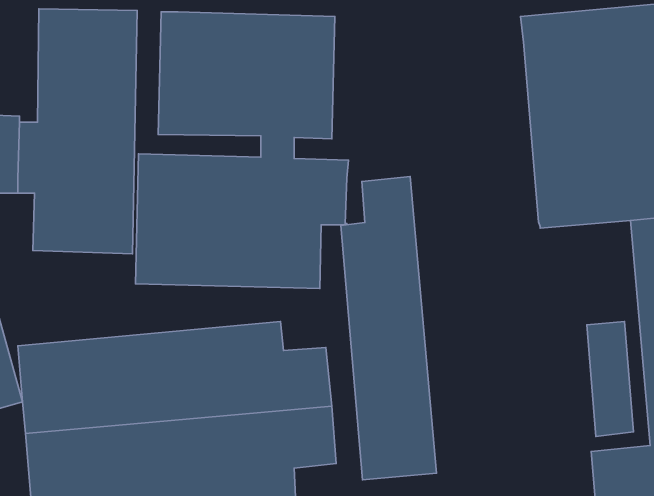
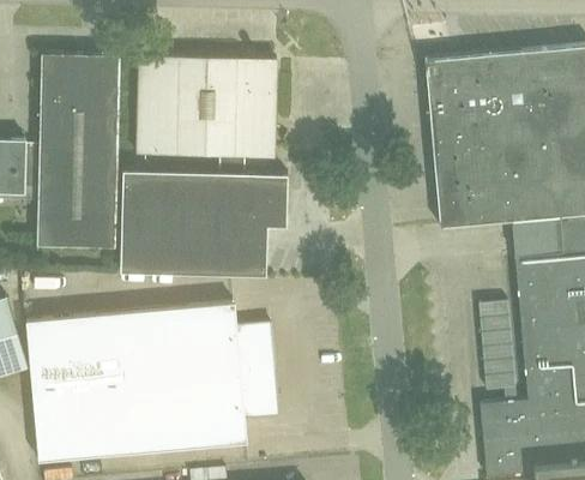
building: [341,177,436,480] -> none

